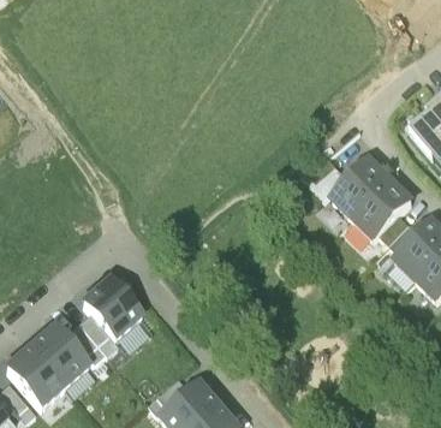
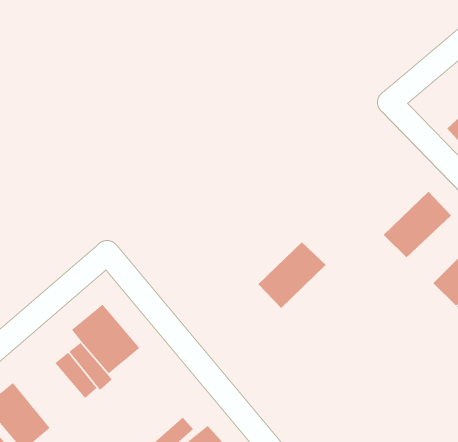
building: [332,159,392,218] -> [258,241,327,309]
building: [30,326,87,386] -> none

